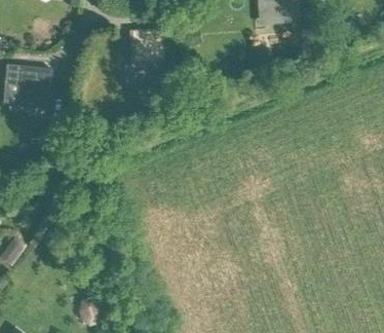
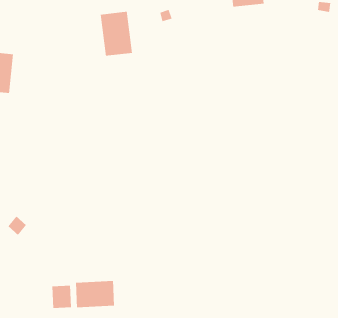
building: none -> [75,280,114,308]

